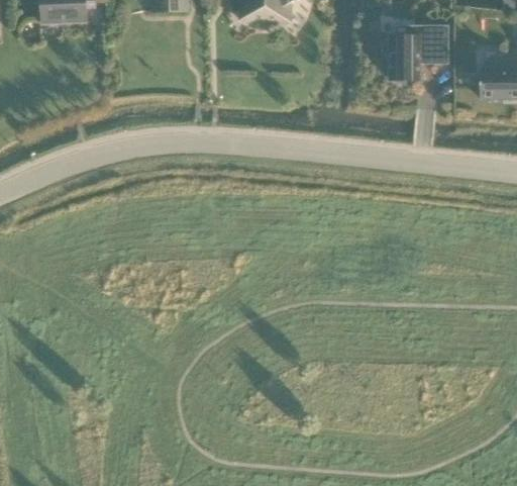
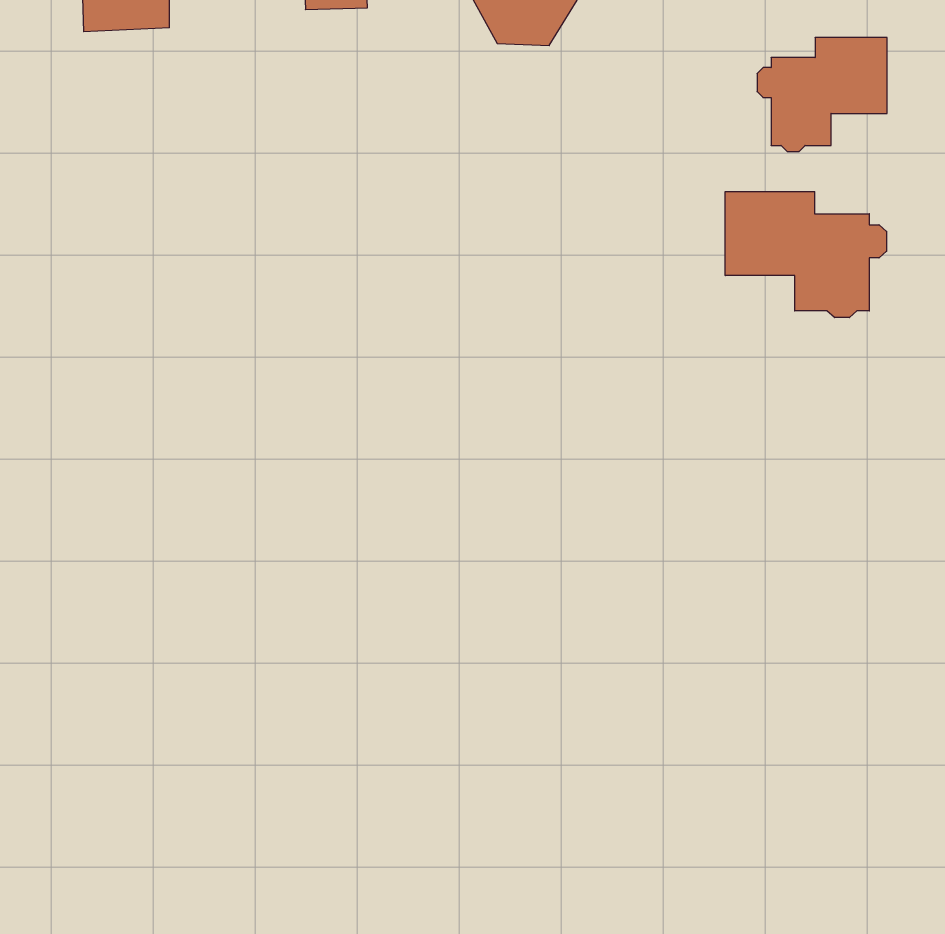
building: none -> [725,192,887,318]

